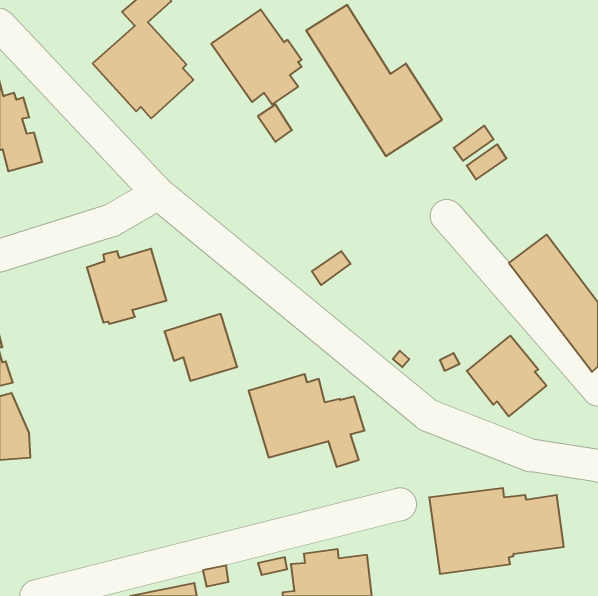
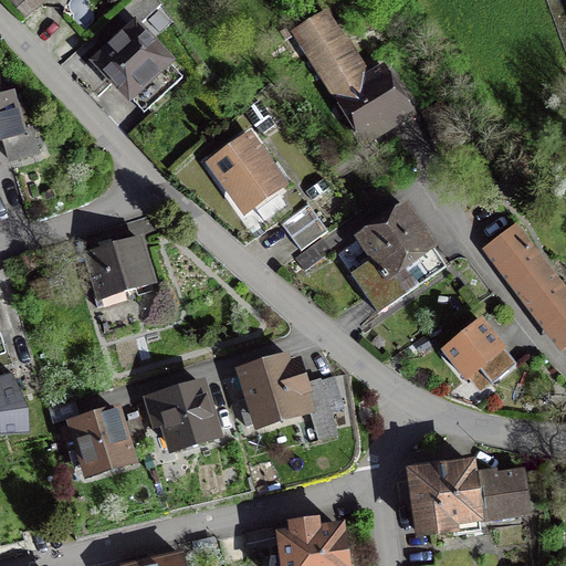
building: [211,9,302,104] -> [205,129,290,219]
building: none -> [349,199,447,312]
building: none -> [281,202,327,249]
building: [164,314,237,381] -> [148,382,217,446]
building: none -> [63,409,146,474]

